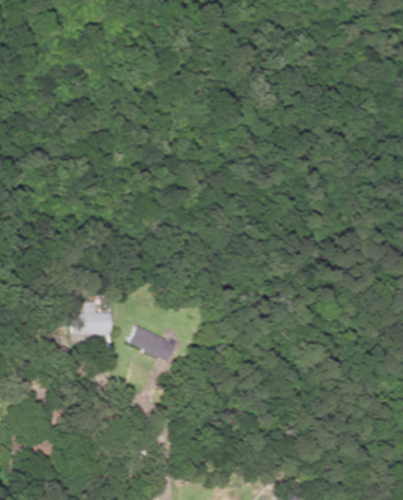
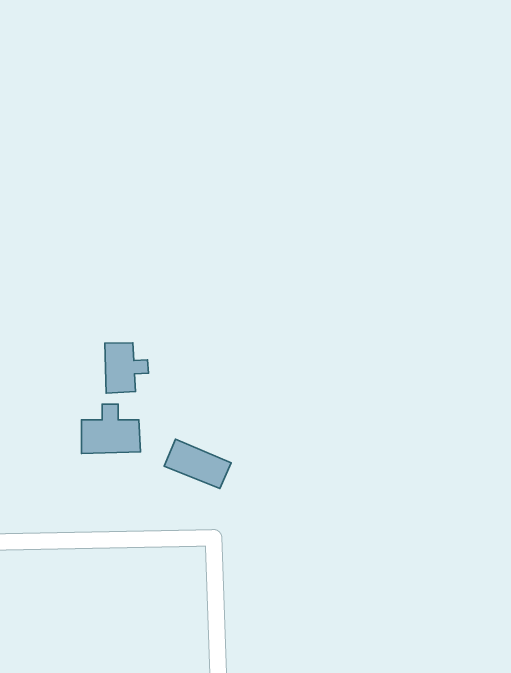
building: none -> [105,343,148,393]

